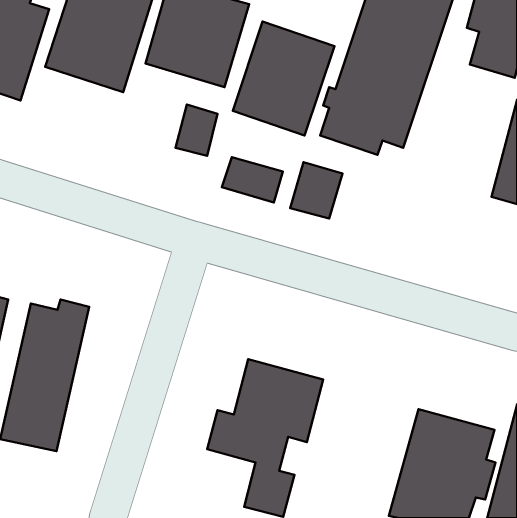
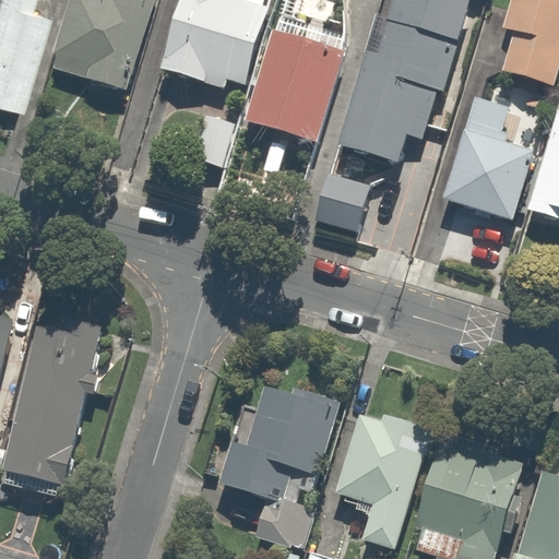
building: none -> [441,100,534,221]
building: [222,157,283,202] -> none
building: none -> [338,411,433,544]

